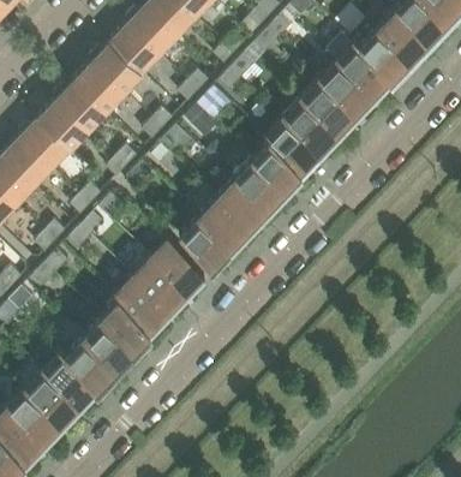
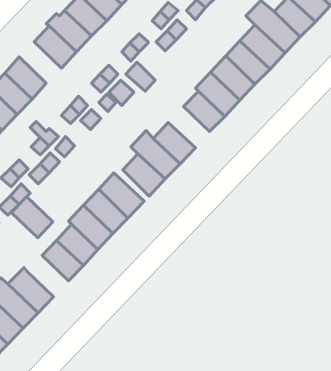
building: [53,81,106,130] -> none
building: [233,157,282,207] -> none
building: [65,335,114,384] -> [12,197,53,238]

